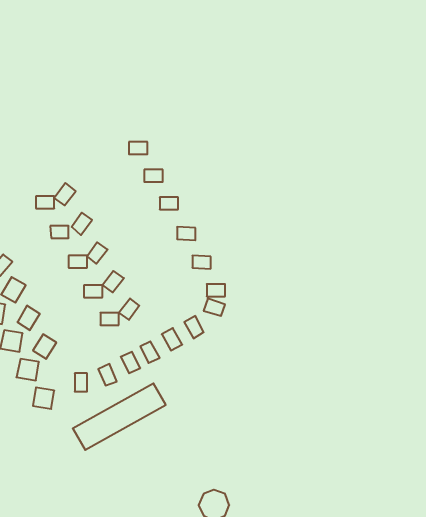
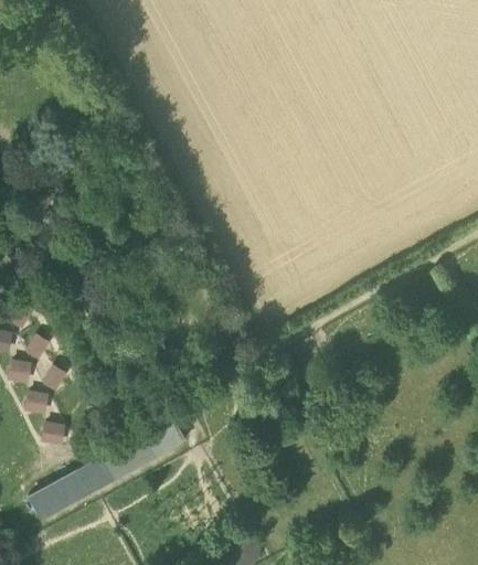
building: none -> [28,466,98,521]

